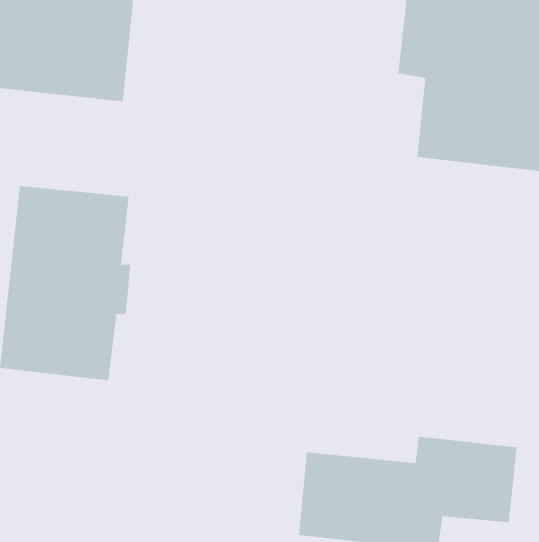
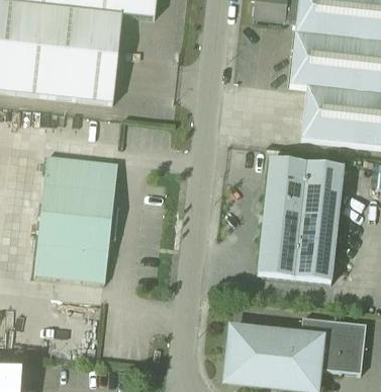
building: none -> [257,159,343,280]

